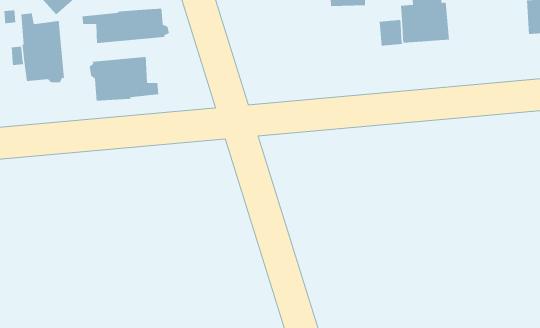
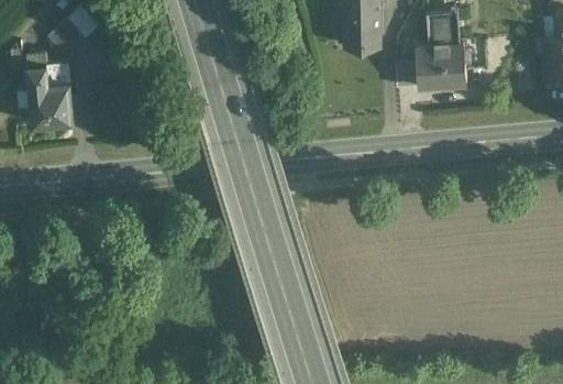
building: [82,8,169,44] -> none
building: [89,56,159,101] -> none

